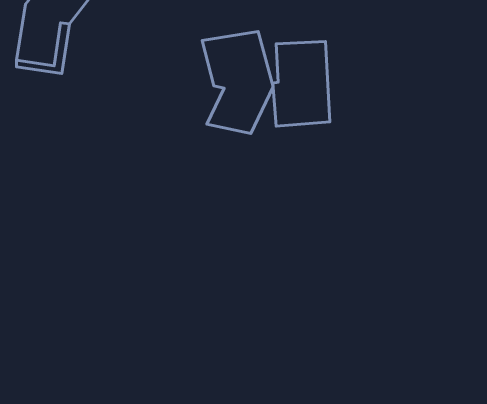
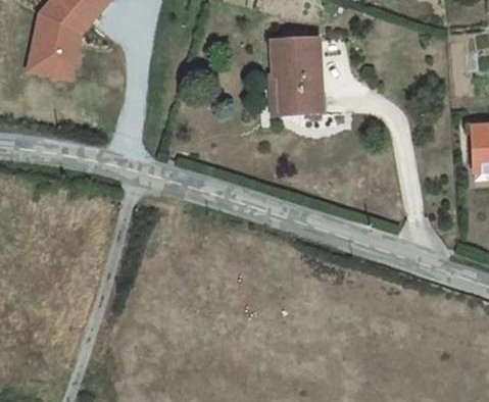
building: [202,32,273,133] -> none

